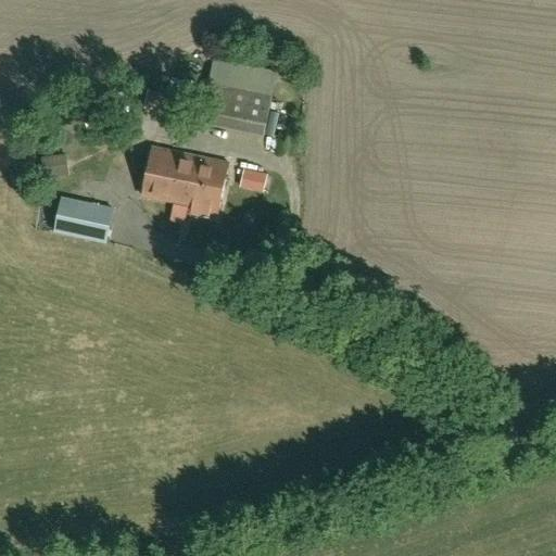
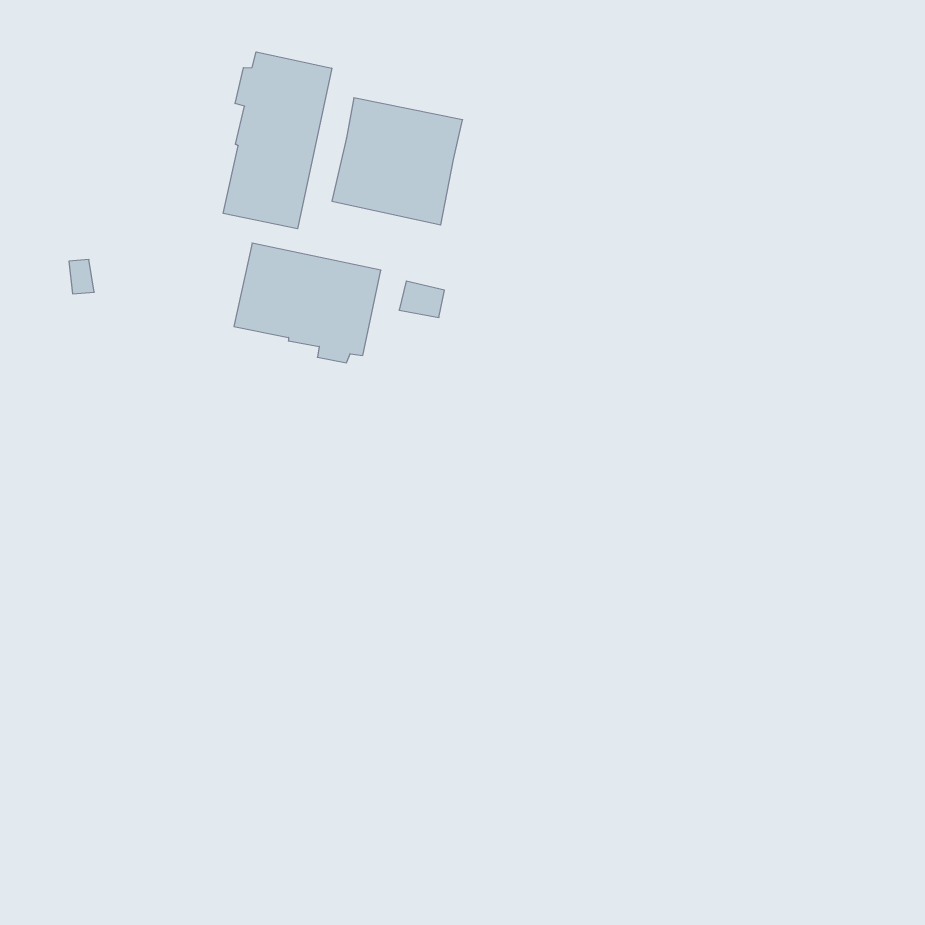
building: none -> [223,52,332,229]
building: [54,197,112,242] -> none

